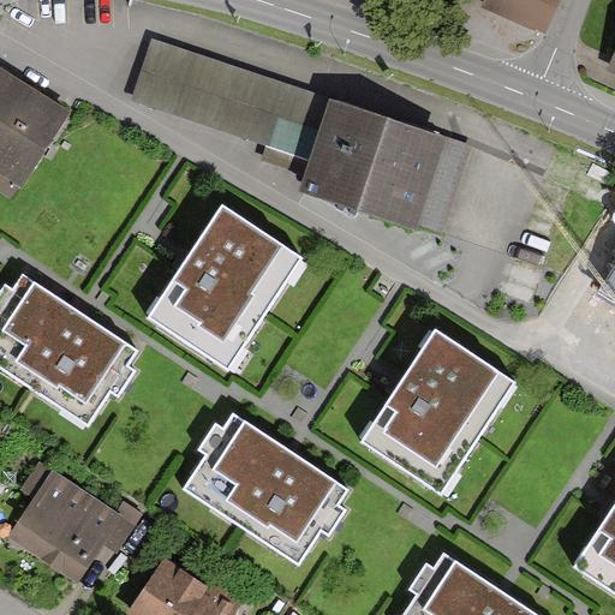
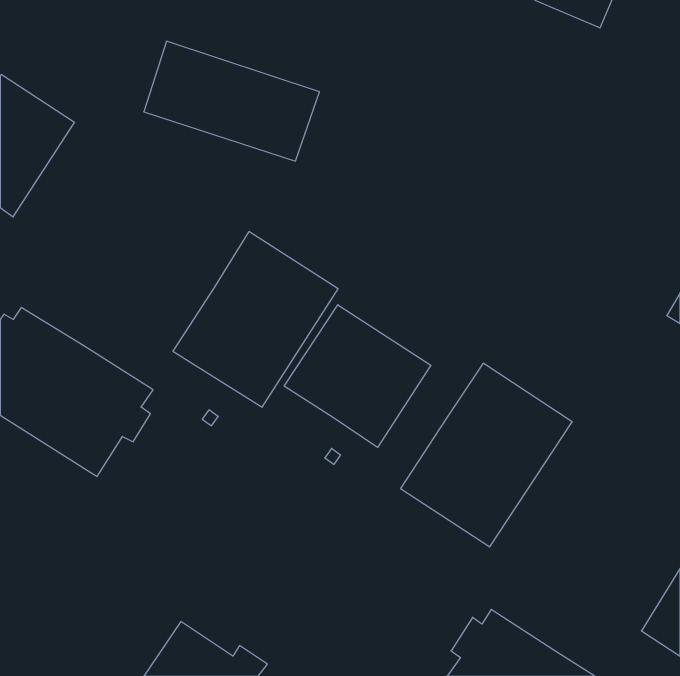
building: [267,83,468,235] -> none
building: none -> [284,305,431,447]
building: [181,413,351,566] -> none
building: [8,460,142,577] -> none

